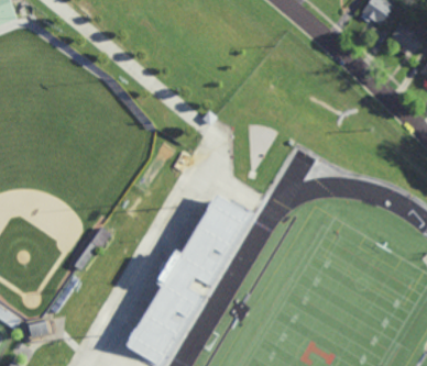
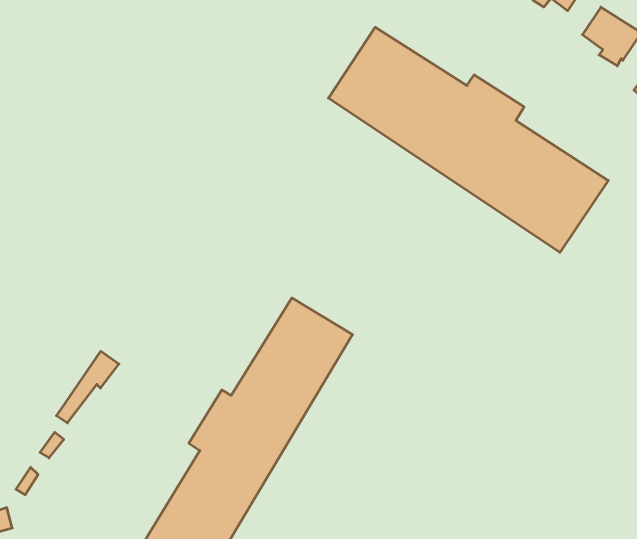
building: none -> [328,27,608,252]

